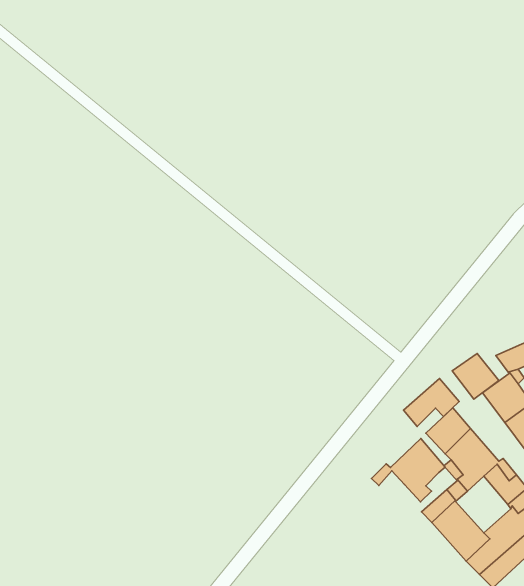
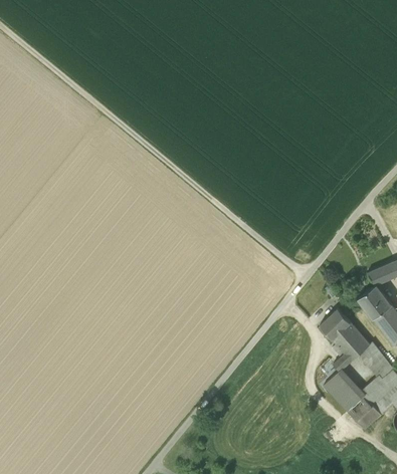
building: [452,354,499,399] -> none
building: [403,379,459,427] -> none
building: [372,438,445,502] -> none

